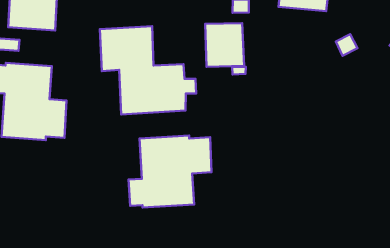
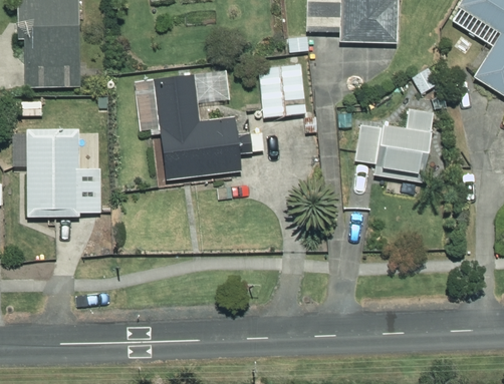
building: none -> [374,108,434,182]
building: [129,135,211,207] -> none

